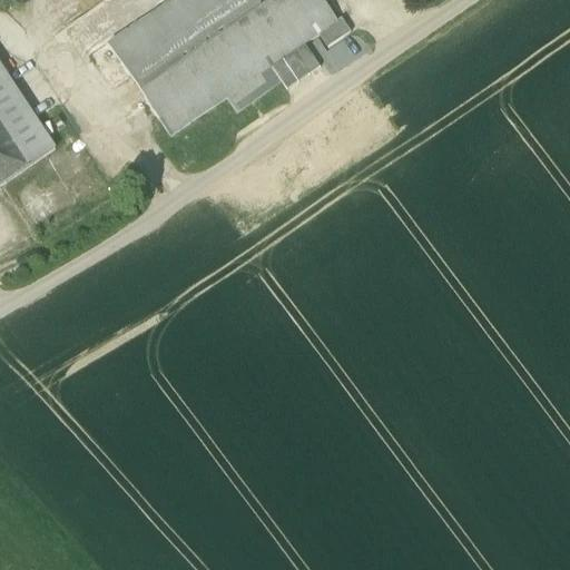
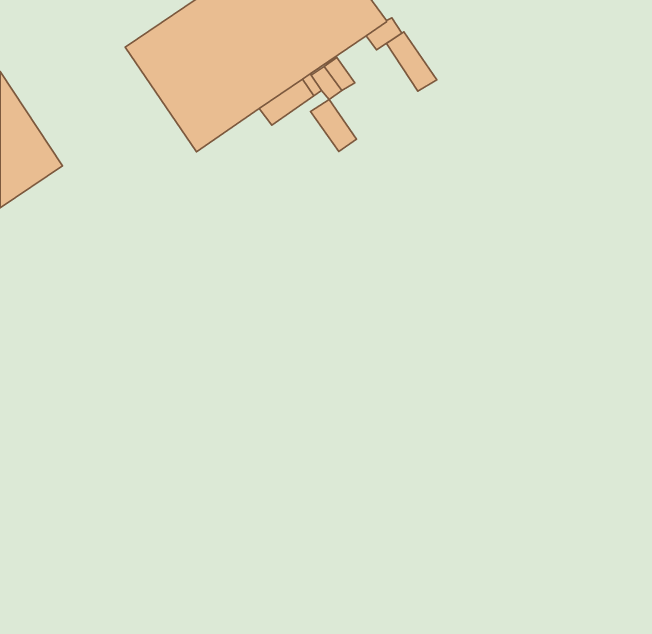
building: none -> [386,32,437,91]
building: none -> [310,100,356,151]

